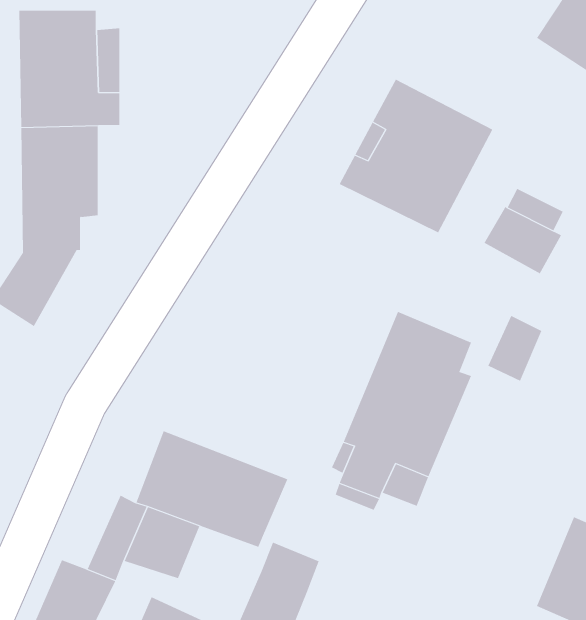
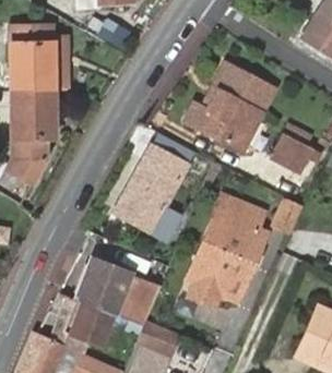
building: none -> [116,132,195,241]

